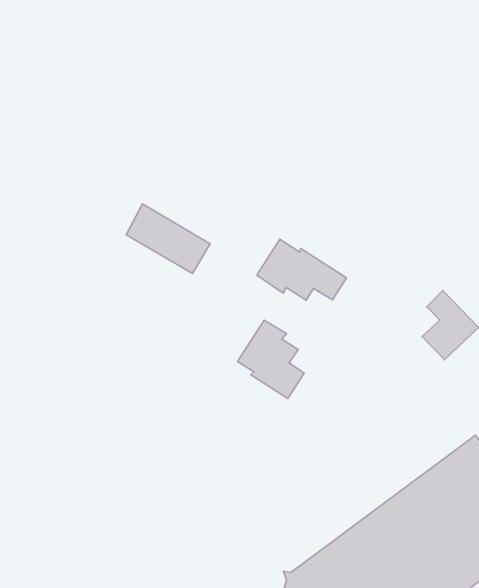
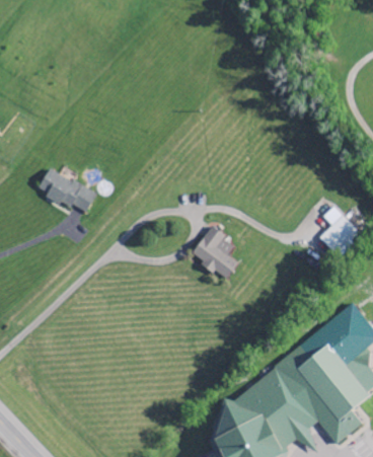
building: [126,204,210,273] -> [38,167,95,215]
building: [257,239,347,300] -> none

